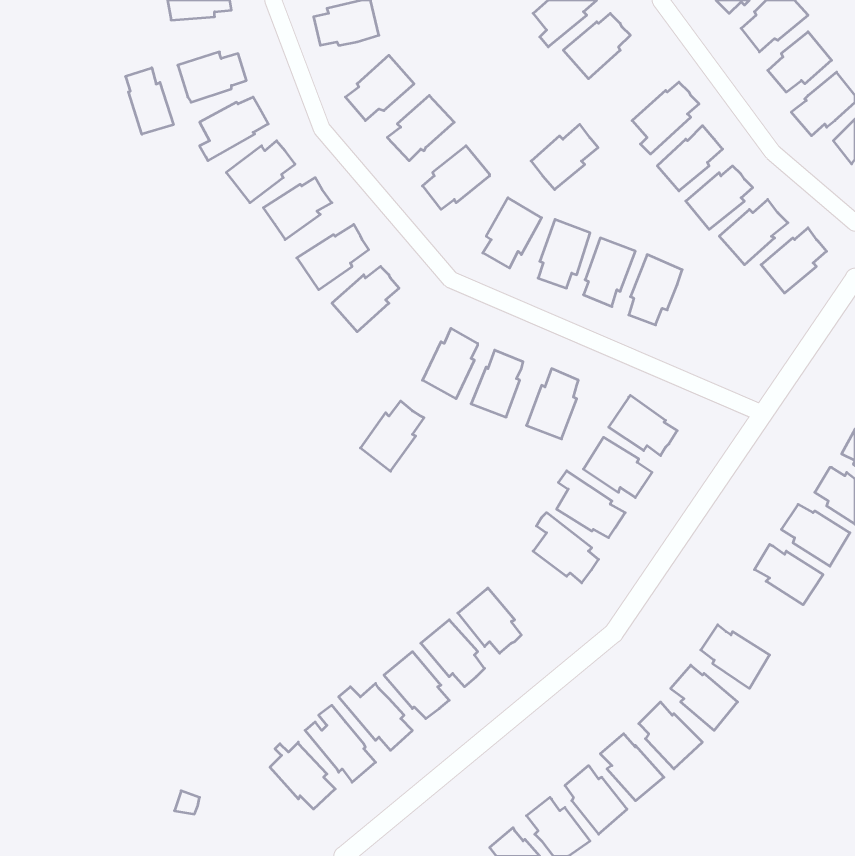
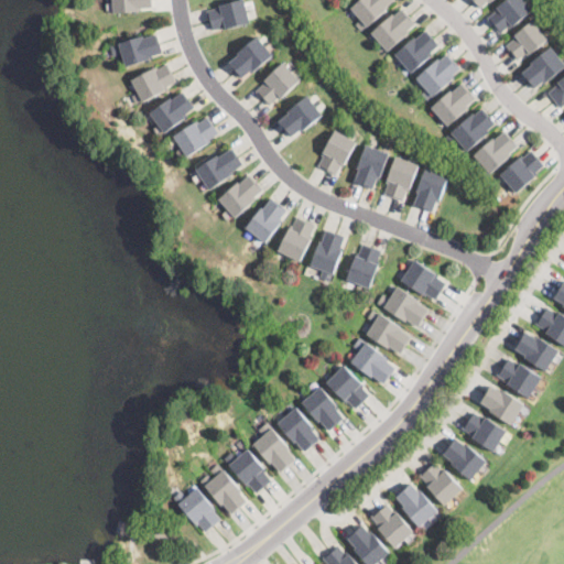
building: [126,68,173,134] -> none
building: [531,124,598,190] -> [394,30,438,73]
building: [360,401,424,471] -> [246,197,288,243]
building: none -> [326,366,369,409]
building: none -> [479,384,523,425]

